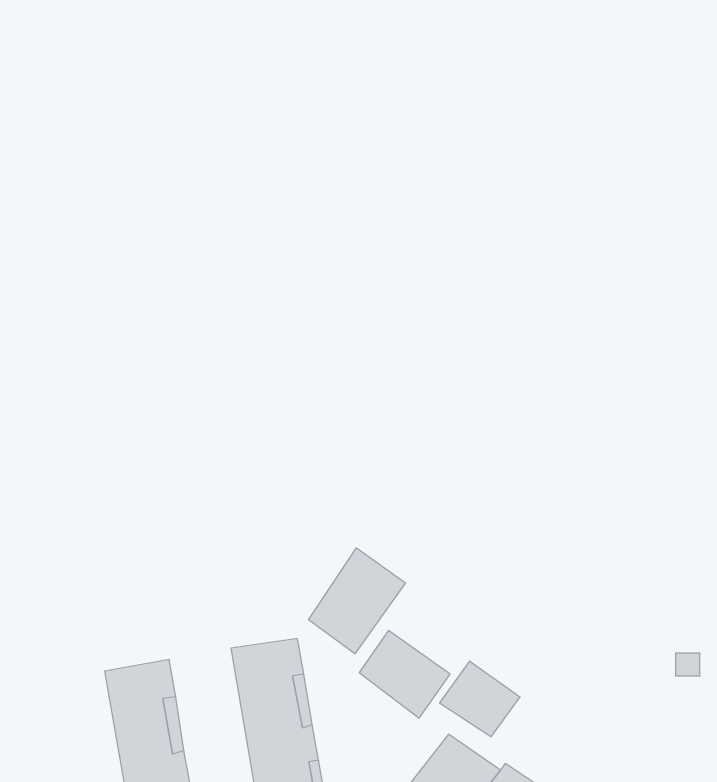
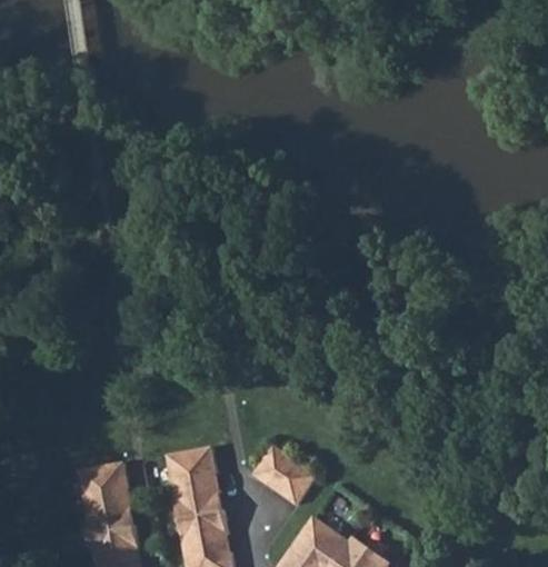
building: [309,548,405,654] -> none
building: [440,661,520,737] -> none

